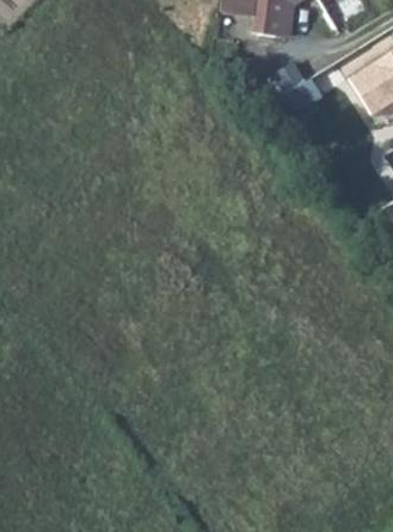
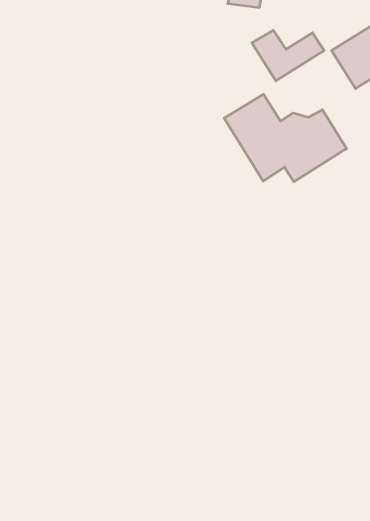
building: none -> [224,94,347,182]

